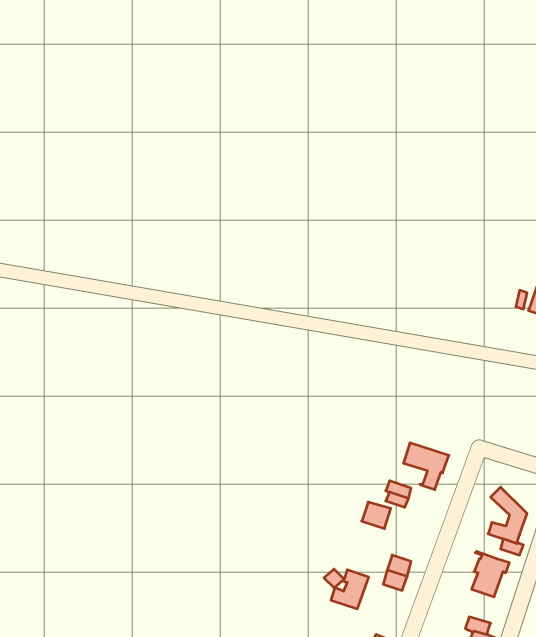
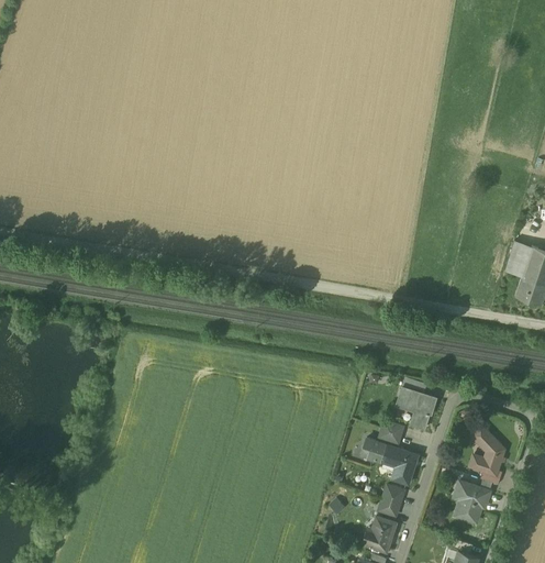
building: none -> [383,445,418,484]
building: [331,570,369,609] -> [363,517,396,551]

